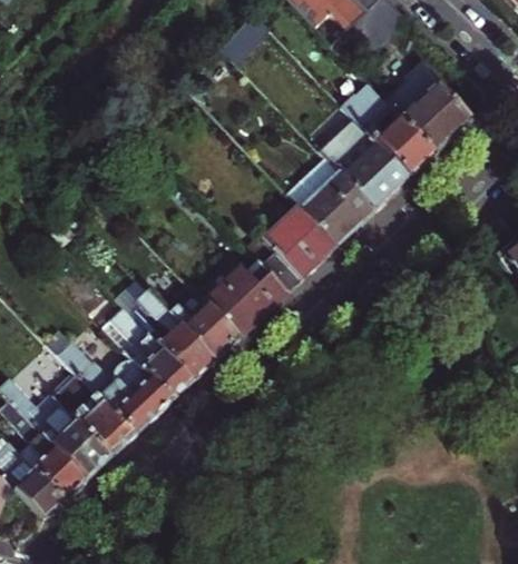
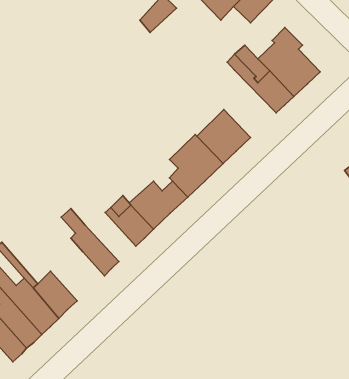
building: [319,115,411,208] -> none
building: [143,288,216,379] -> none
building: [61,339,173,434] -> none

